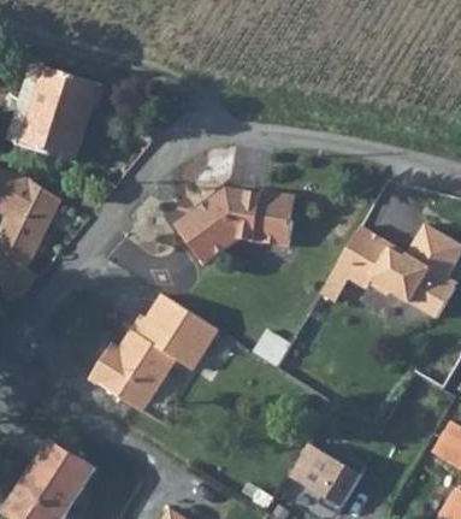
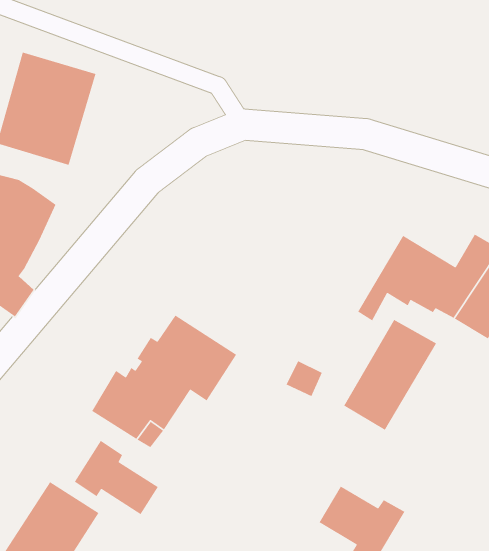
building: [176,187,294,263] -> none
building: none -> [343,319,437,431]
building: none -> [74,440,159,515]

